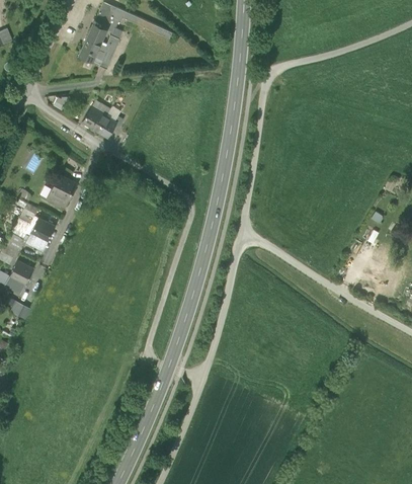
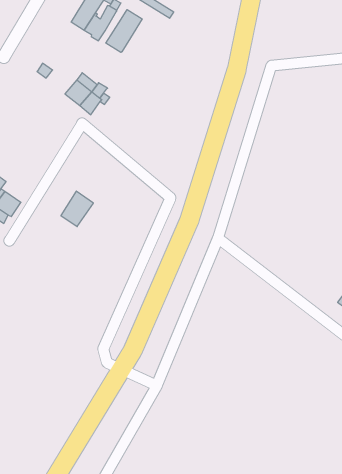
building: none -> [106,10,142,52]
building: [48,175,76,208] -> [61,191,93,227]

